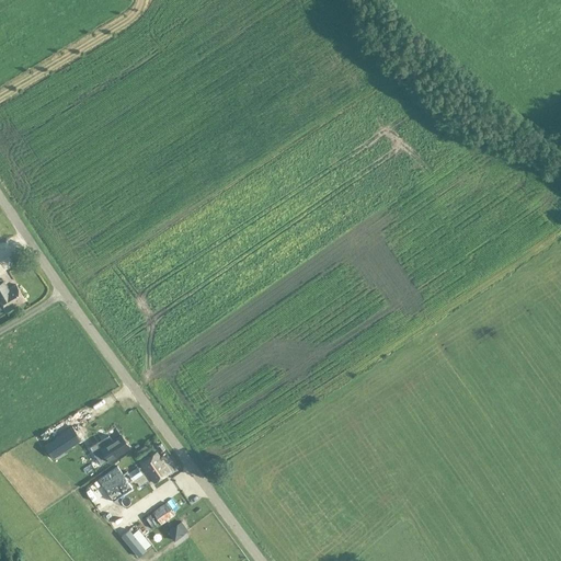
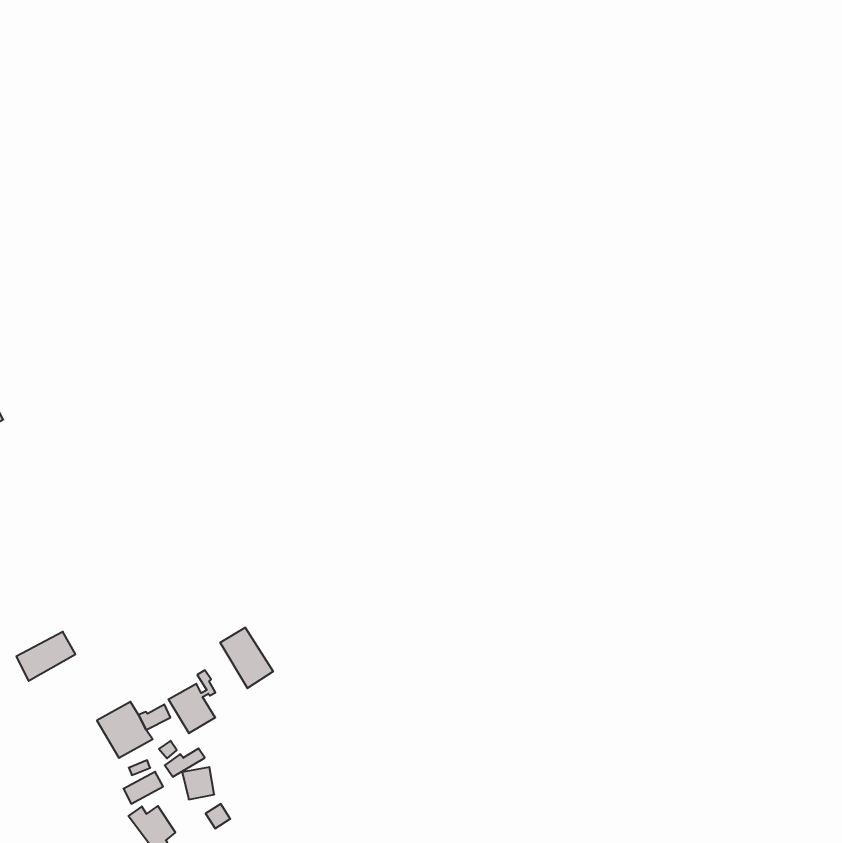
building: none -> [220,627,273,688]
building: [88,435,127,465] -> none

